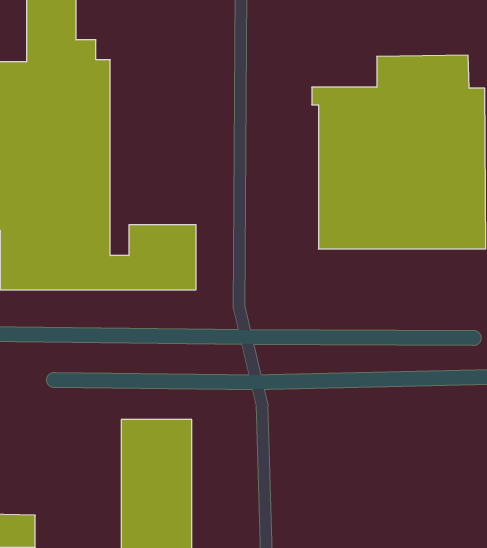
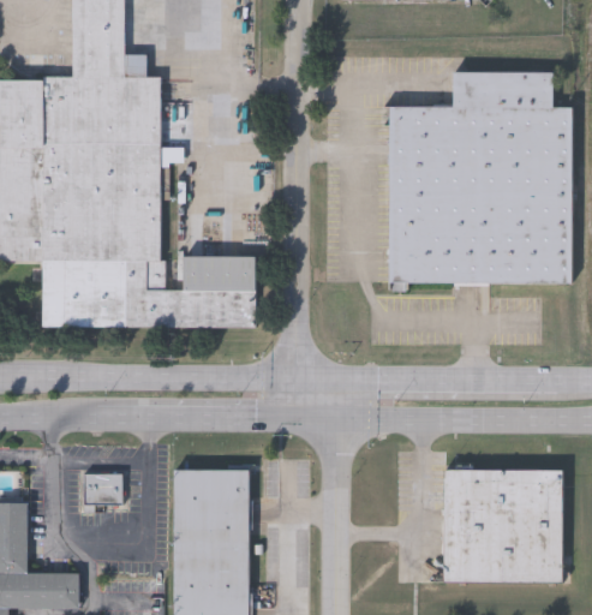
building: none -> [442,468,562,581]
building: none -> [84,472,124,506]

